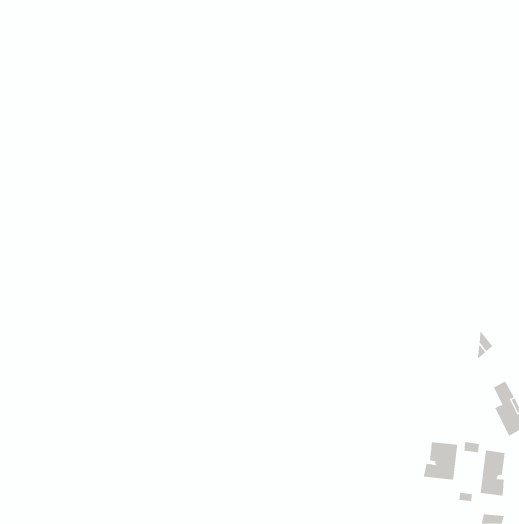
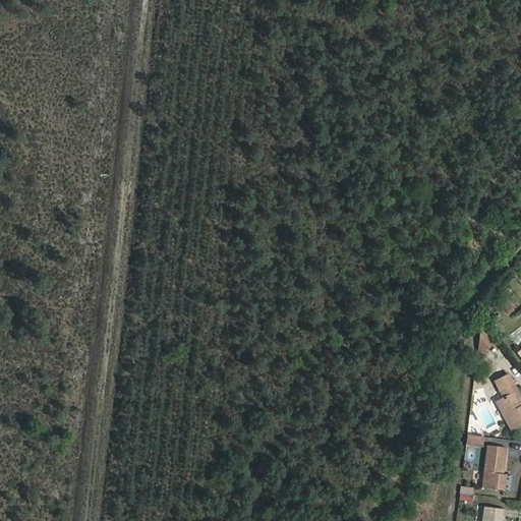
building: [423,442,458,481] -> none

